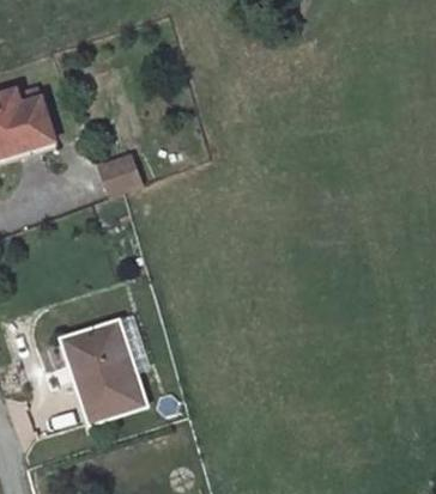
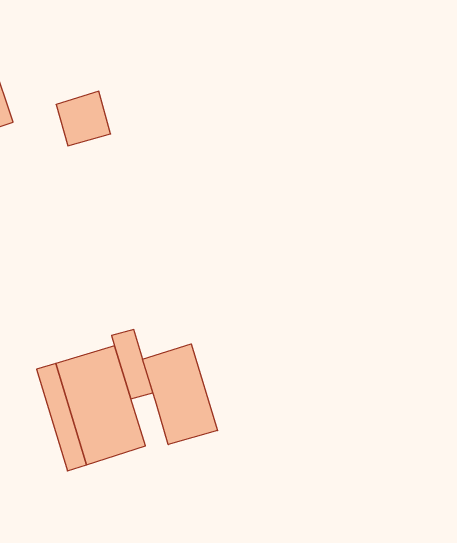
building: [98,154,143,199] -> [56,91,111,146]
building: none -> [143,344,218,445]

